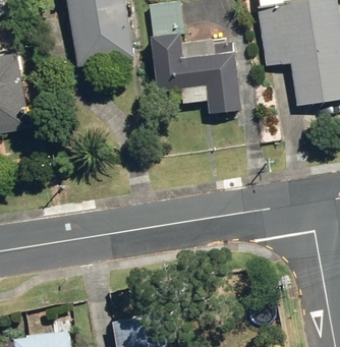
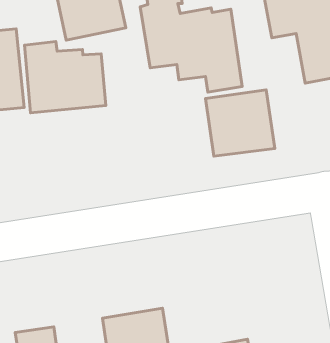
building: none -> [24,41,106,113]
building: none -> [205,90,275,156]

